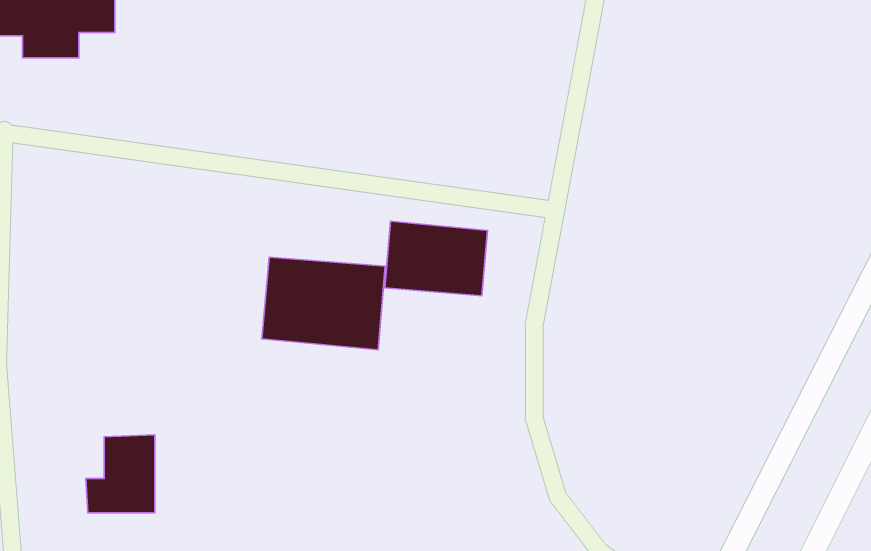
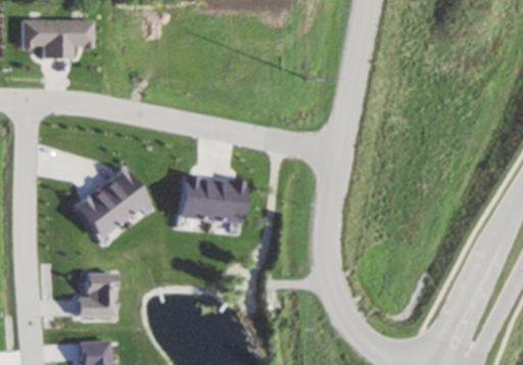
building: [385,221,487,296] -> none
building: none -> [75,169,149,242]

